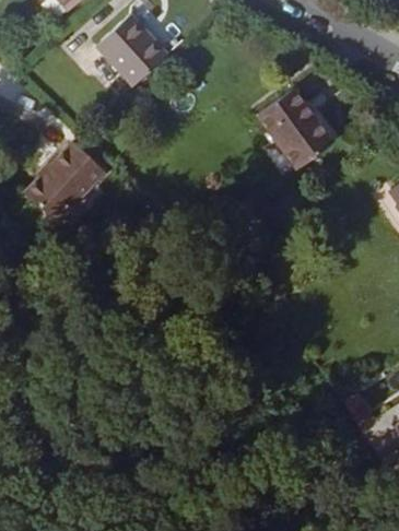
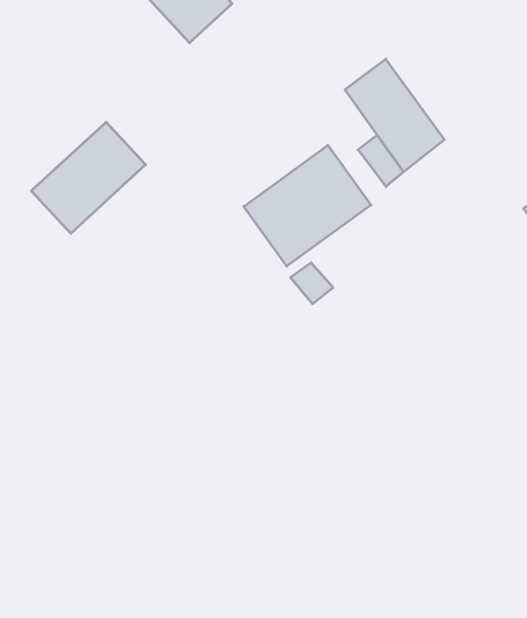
building: none -> [244,145,371,266]

